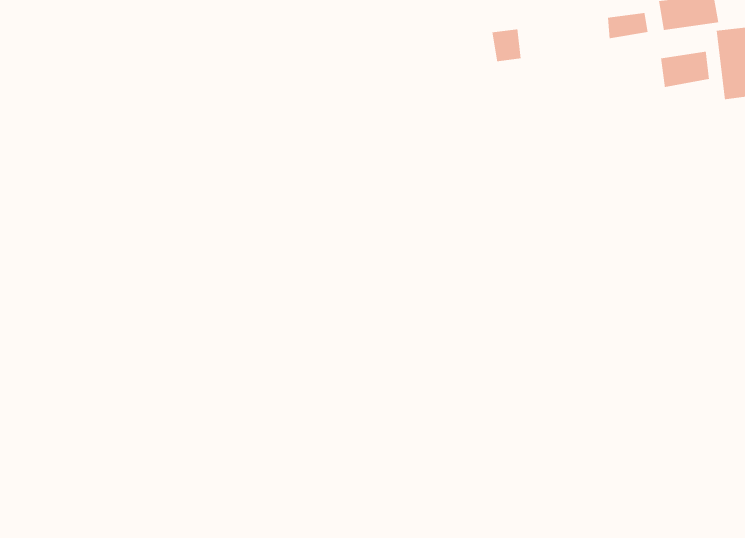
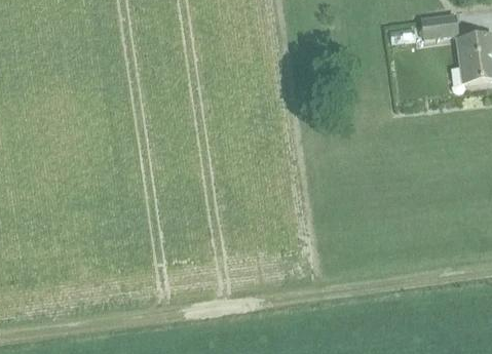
building: [660,51,710,88] -> none

